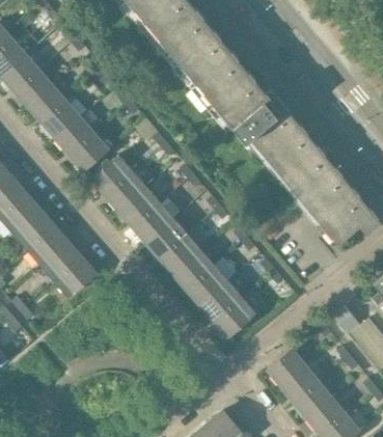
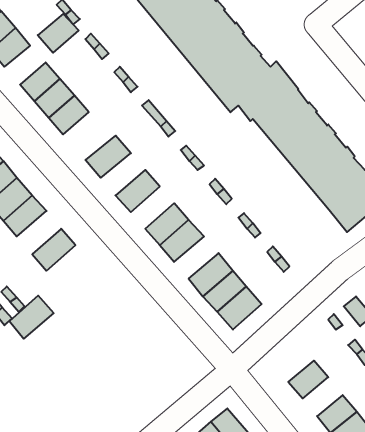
building: [16,71,54,107] -> [38,14,79,53]
building: [71,133,108,170] -> none
building: [106,171,147,211] -> none
building: [134,202,174,242] -> none
building: [27,225,69,266] -> none
building: [174,249,216,289] -> none
building: [55,257,97,298] -> [9,296,54,339]
building: [268,349,305,385] -> none
building: [295,381,332,417] -> none

